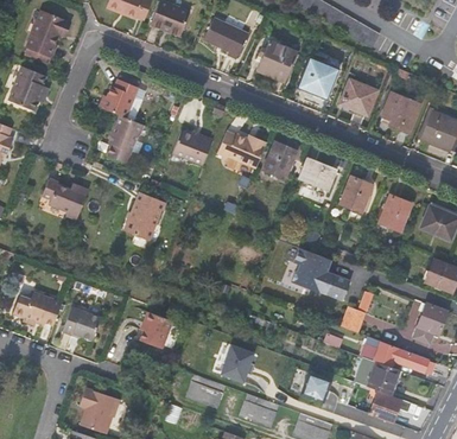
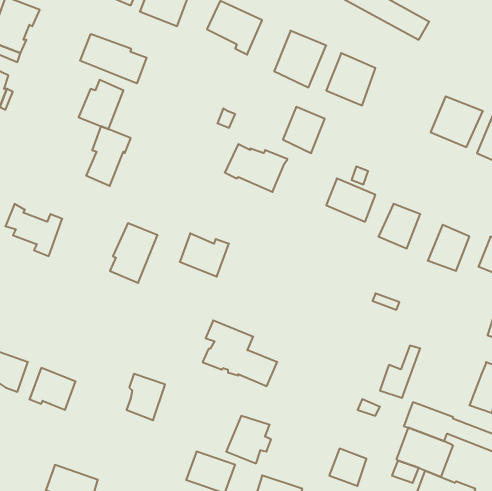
building: none -> [80,34,147,83]
building: [339,79,376,114] -> none
building: [172,132,211,166] -> [180,233,229,277]
building: [264,141,297,178] -> [283,107,325,153]
building: [291,247,350,299] -> [203,320,277,386]

